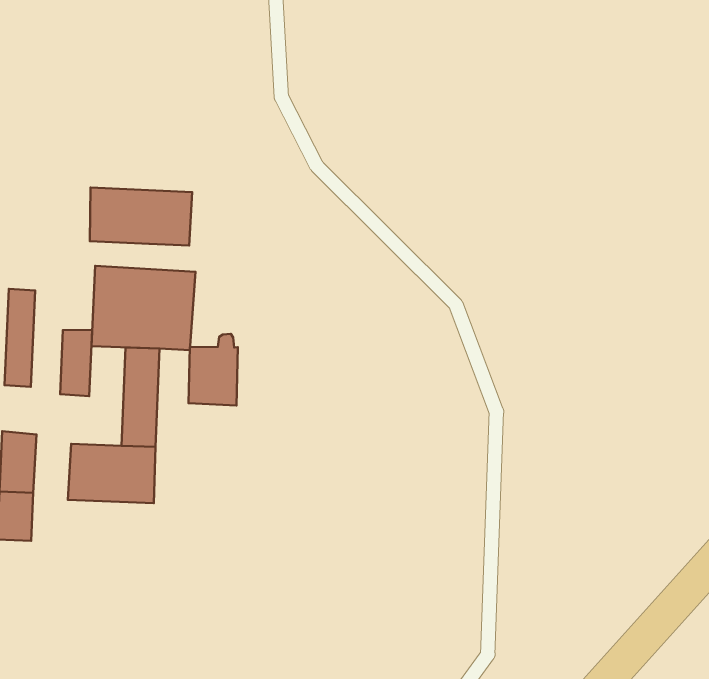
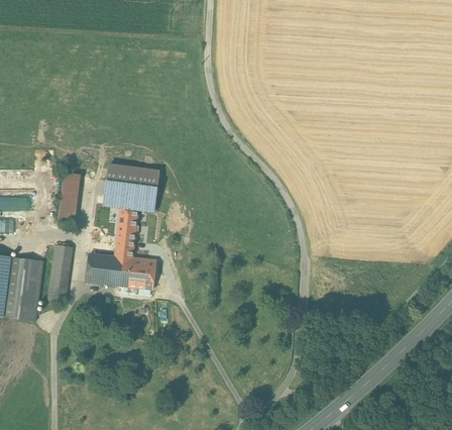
building: [90,187,192,245] -> none
building: [60,330,92,396] -> none
building: [188,334,238,405] -> [129,252,156,289]

